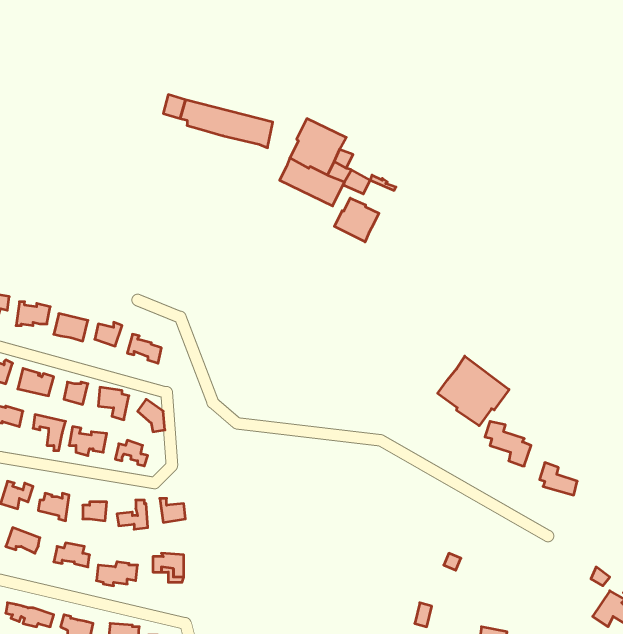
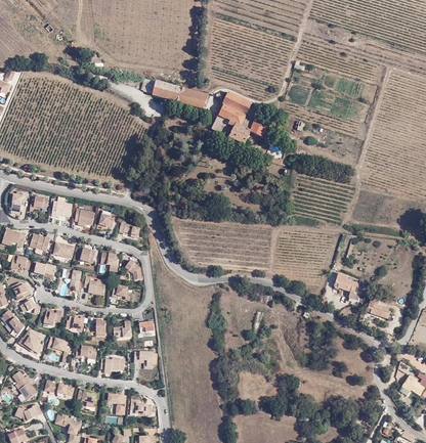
building: [334,198,379,242] -> none
building: [438,356,509,426] -> none

